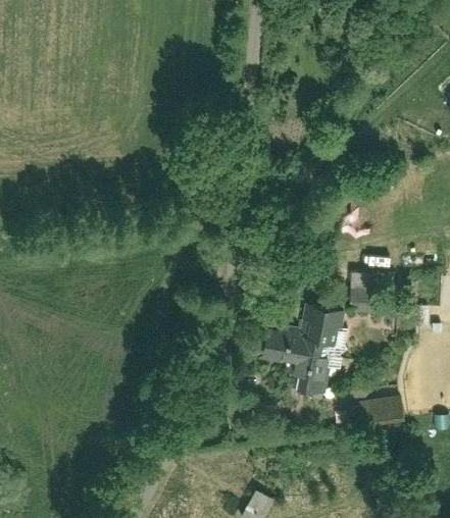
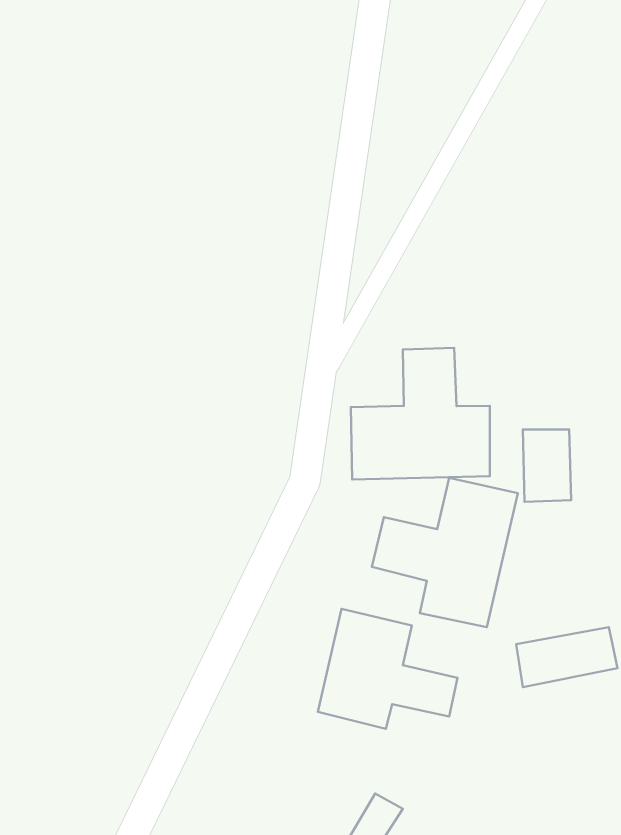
building: none -> [351,348,490,479]
building: none -> [318,609,458,729]

